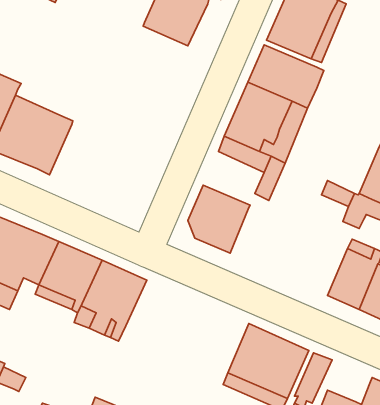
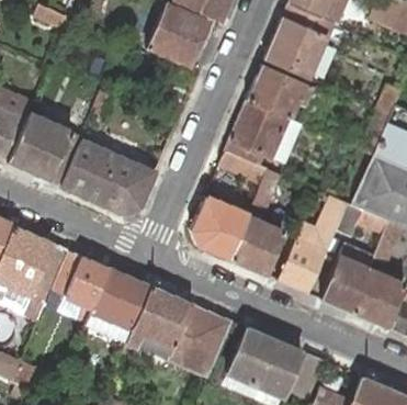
building: none -> [60,138,156,213]
building: none -> [229,216,283,274]
building: none -> [276,227,328,293]
building: none -> [125,284,233,376]

